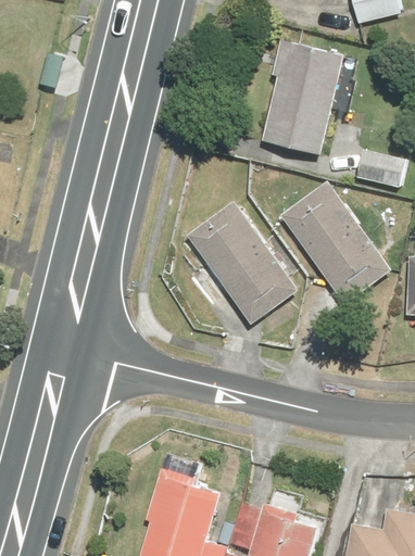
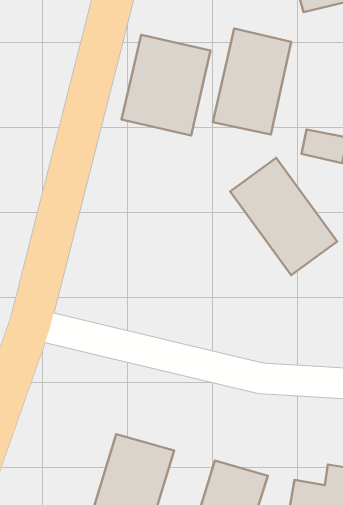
building: none -> [122,35,210,136]
building: [179,200,301,330] -> none

